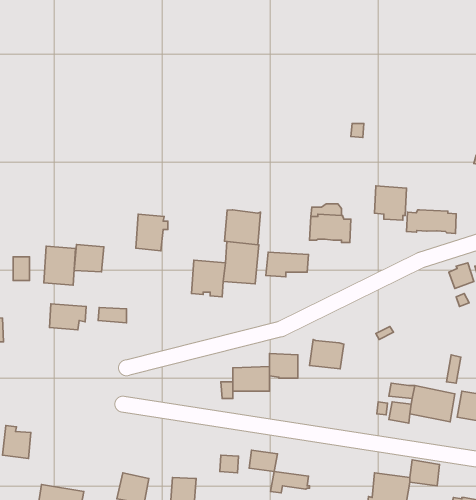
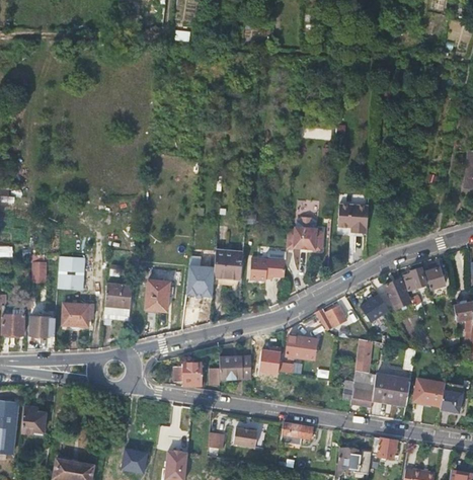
building: [225,210,261,245] -> none
building: [407,210,456,233] -> none
building: [136,214,168,251] -> [145,279,172,311]
building: [74,245,104,272] -> [105,284,131,307]
building: none -> [385,279,411,308]
building: none -> [360,294,390,323]
building: none -> [315,305,347,326]
building: none -> [29,316,56,335]
building: none -> [356,337,375,373]
building: none -> [174,363,203,386]
building: [271,472,310,493] -> [282,423,315,442]

